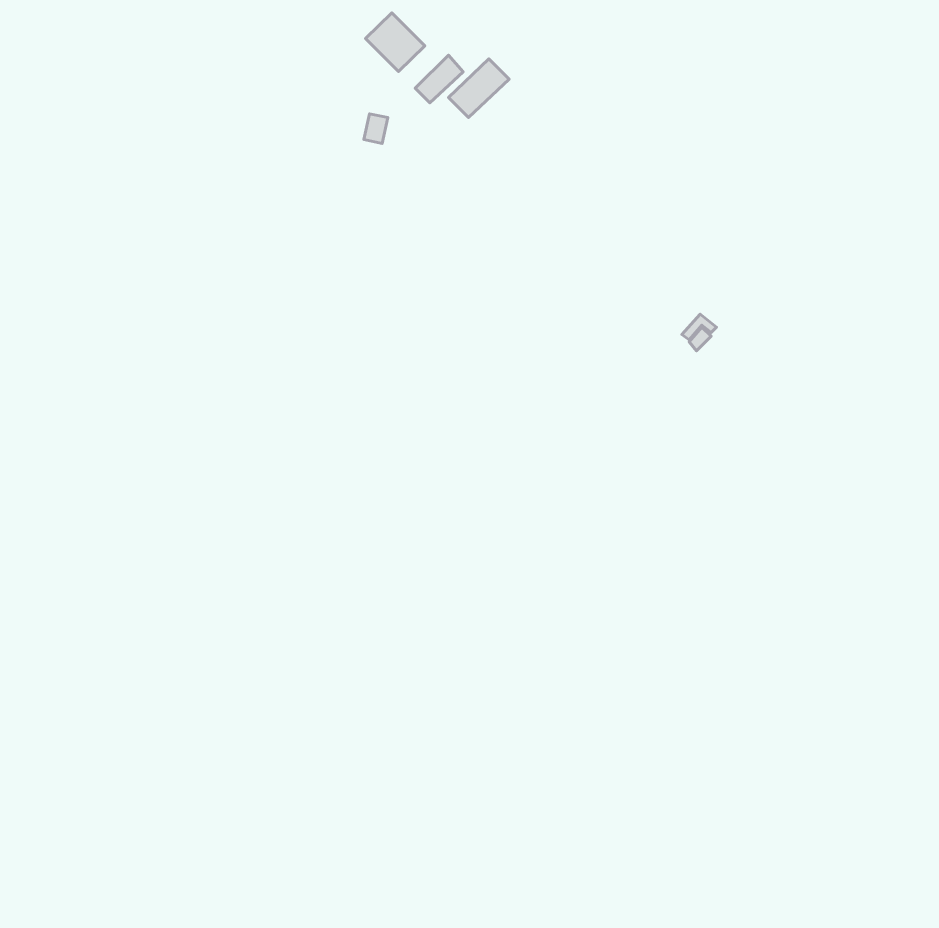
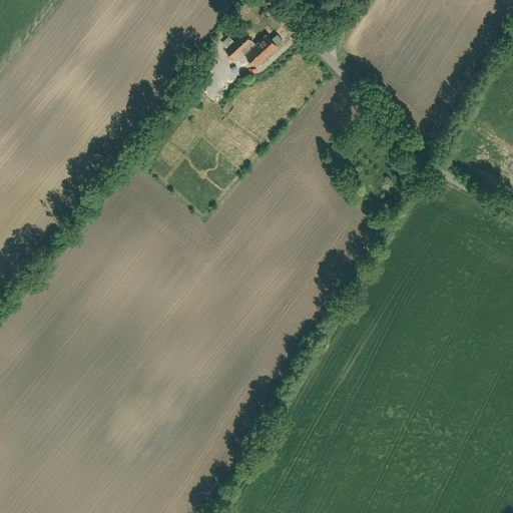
building: [366,13,425,71] -> none

